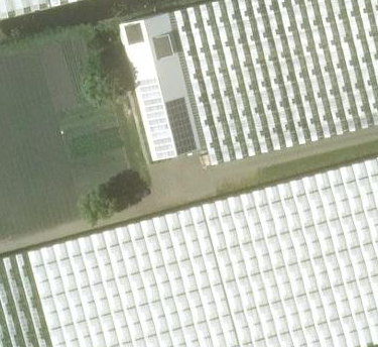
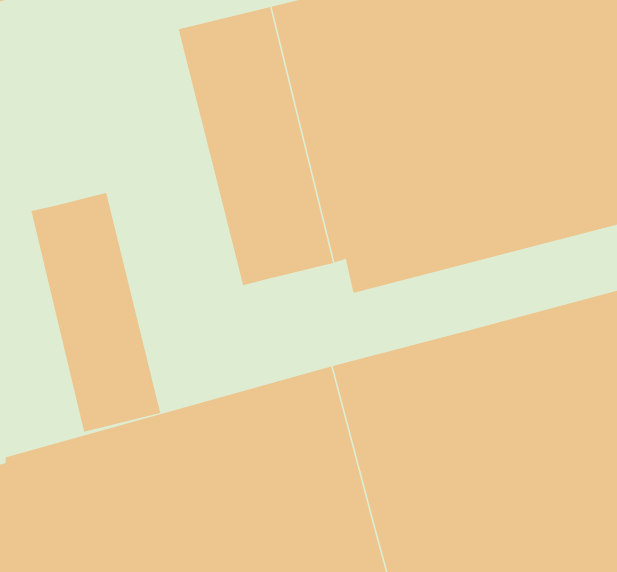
building: none -> [31,192,161,432]

